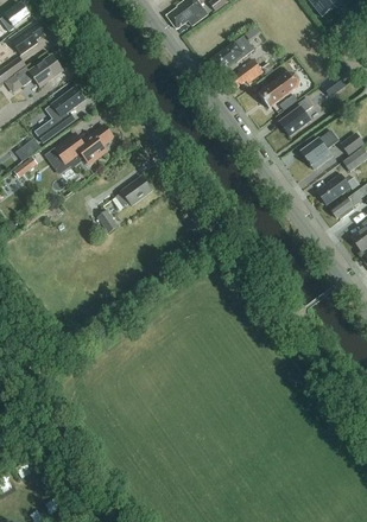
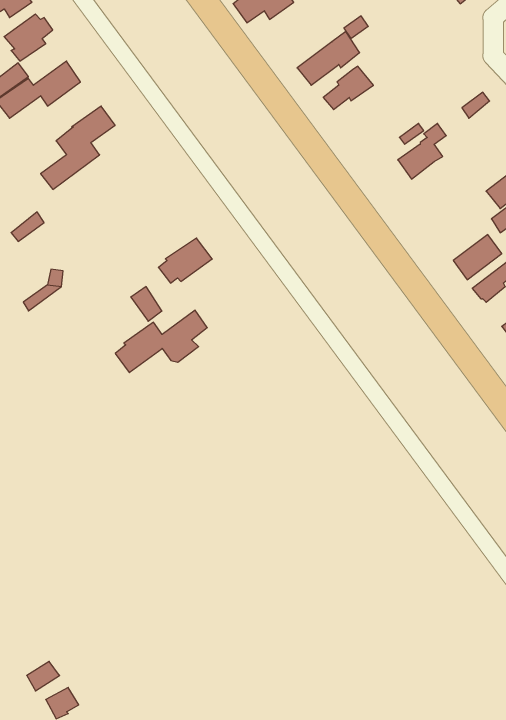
building: [258,72,299,108] -> none
building: [49,125,112,167] -> [115,310,207,373]
building: [300,129,337,168] -> none

